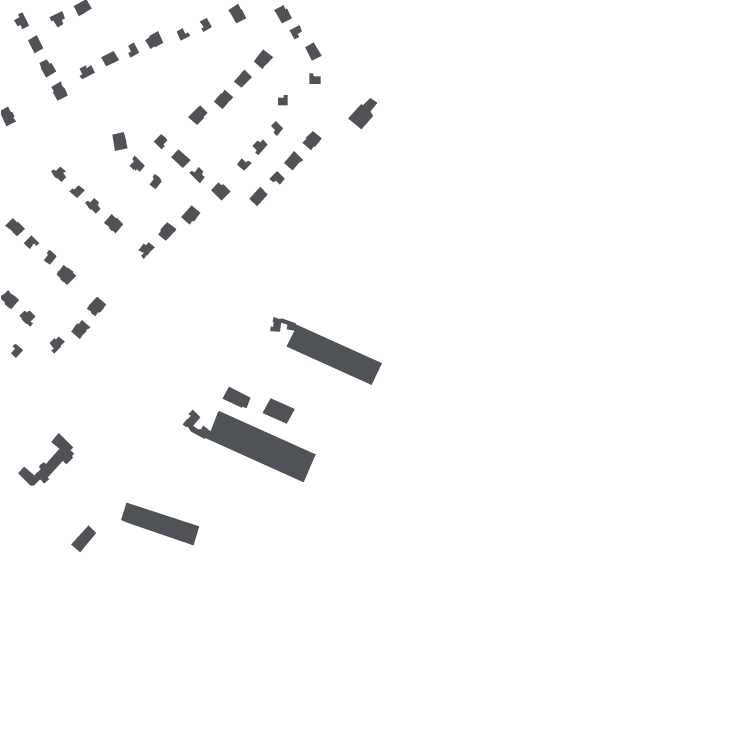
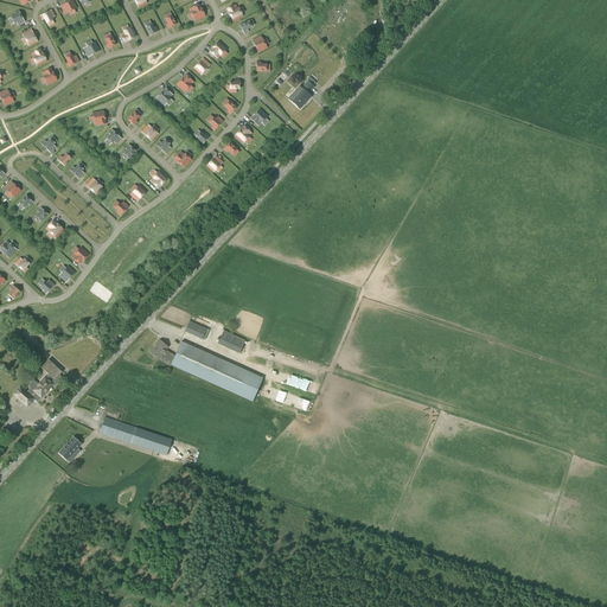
building: [270,316,383,386] -> none

